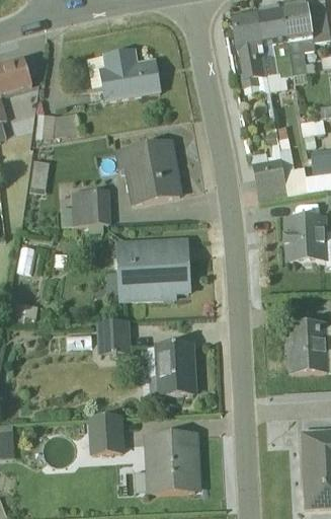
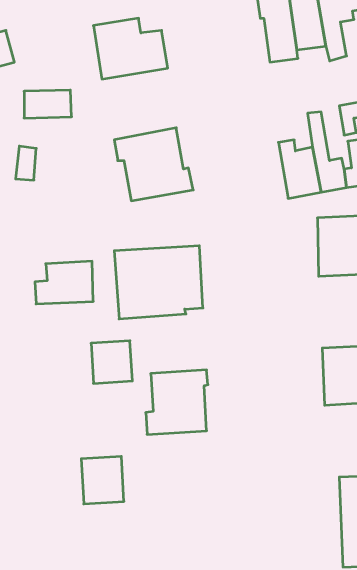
building: [62,189,110,224] -> [35,261,93,304]
building: [144,432,198,491] -> none

